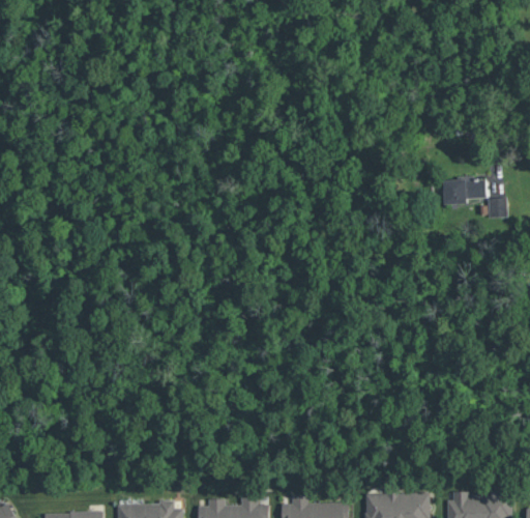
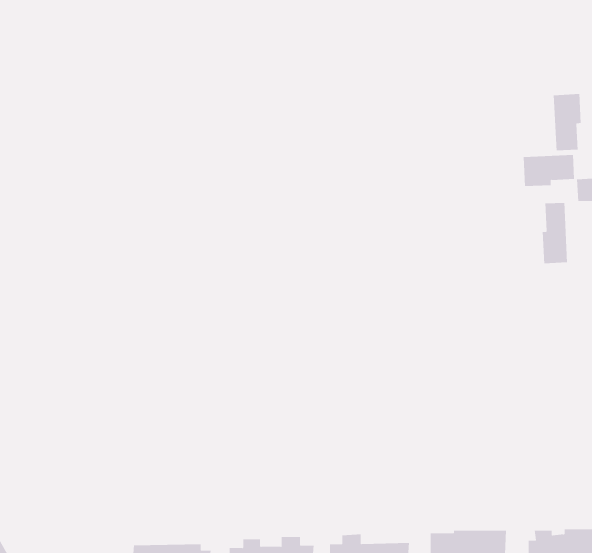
building: none -> [553,93,581,151]
building: none -> [542,202,568,264]

